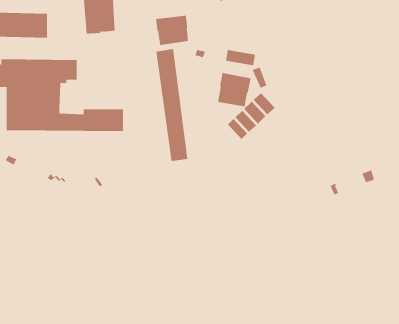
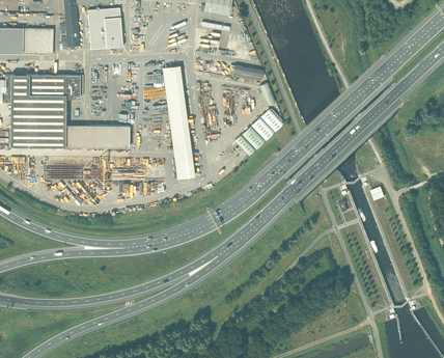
building: [155,15,189,46] -> none
building: [218,72,251,107] -> none

